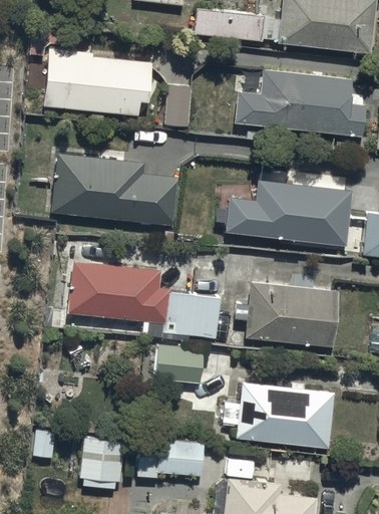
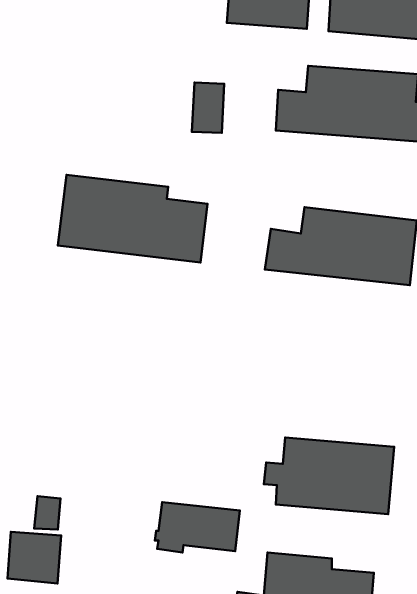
building: [43,48,152,114] -> none
building: [69,261,222,343] -> none
building: [235,280,340,346] -> none
building: [154,344,205,383] -> none
building: [76,444,121,487] -> [7,532,61,583]

